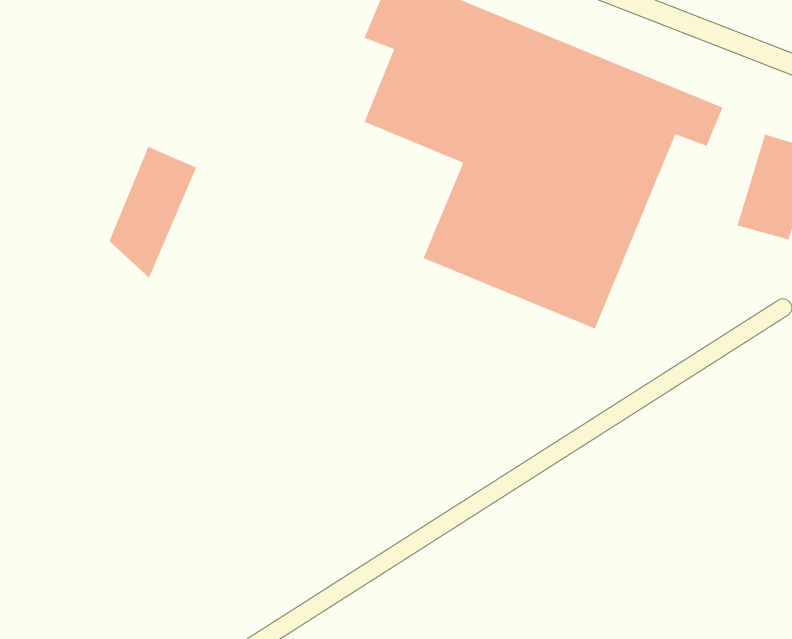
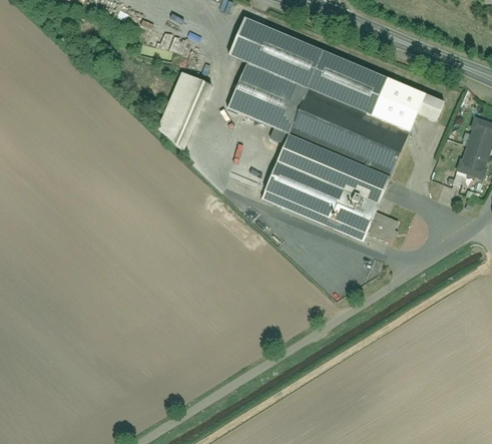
building: [108,146,197,279] -> [158,69,212,150]
building: none -> [368,211,400,243]

